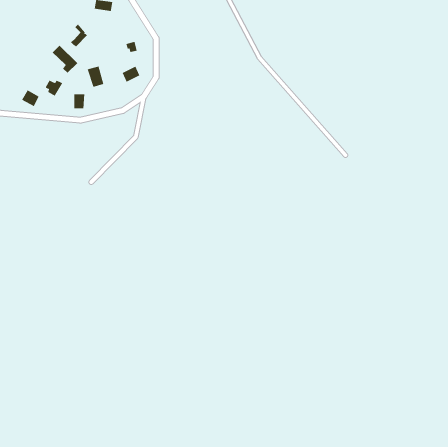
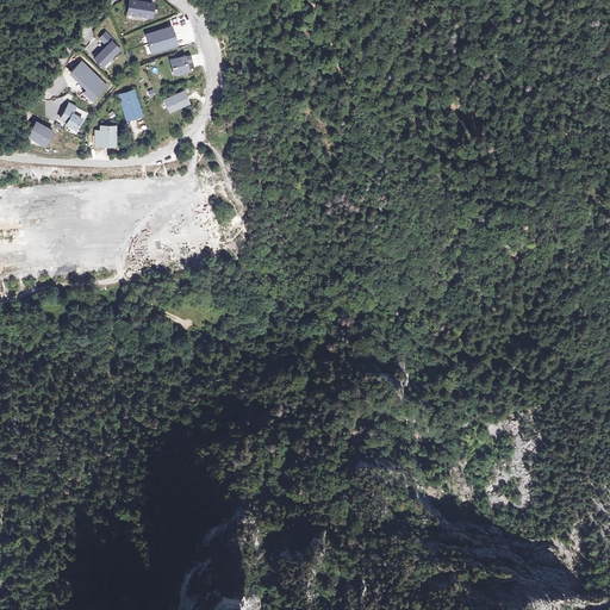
building: none -> [147,25,178,52]

